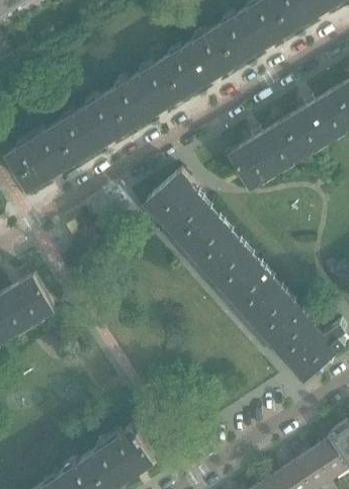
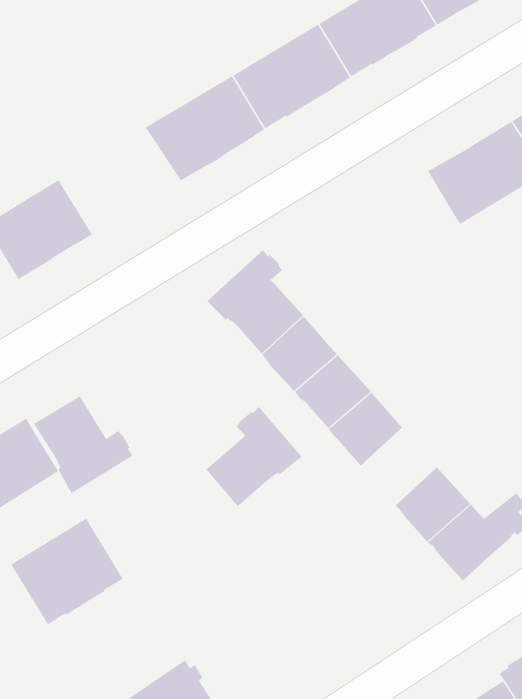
building: [54,94,129,161] -> none
building: [231,121,303,187] -> none
building: none -> [33,395,134,494]
building: none -> [206,406,303,507]
building: [242,281,289,330] -> none
building: none -> [11,518,124,625]

